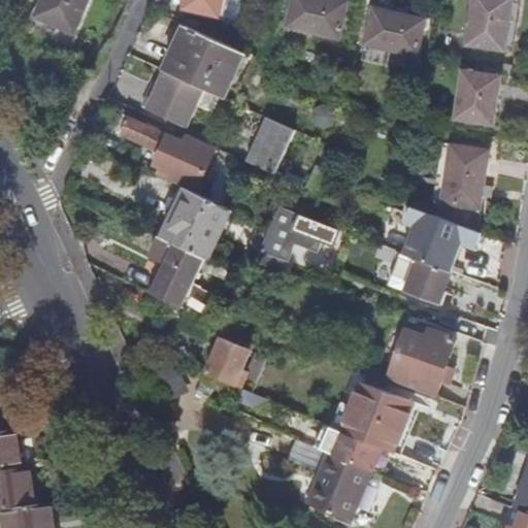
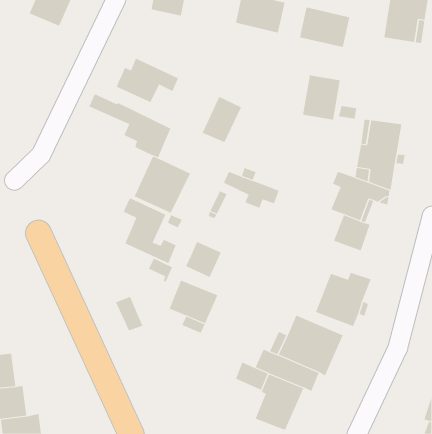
building: [164,26,243,98] -> none
building: [453,71,499,126] -> [302,75,341,120]
building: none -> [185,241,222,278]

